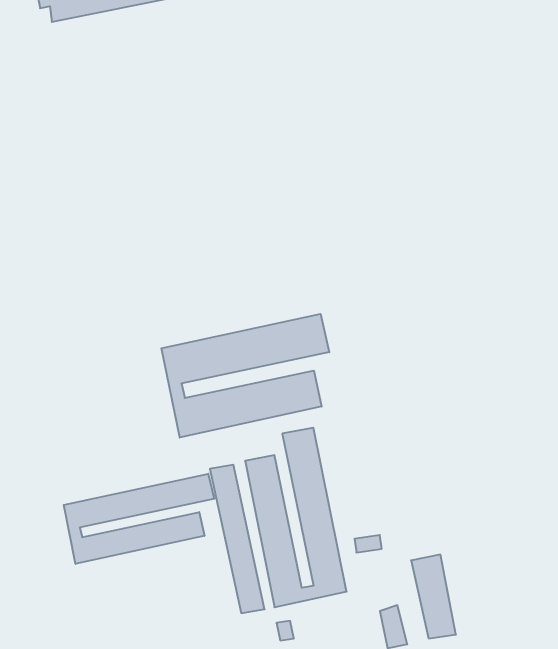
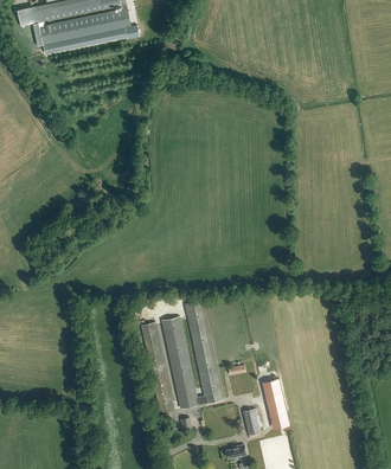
building: [161,314,329,438] -> none
building: [64,474,214,564] -> none

